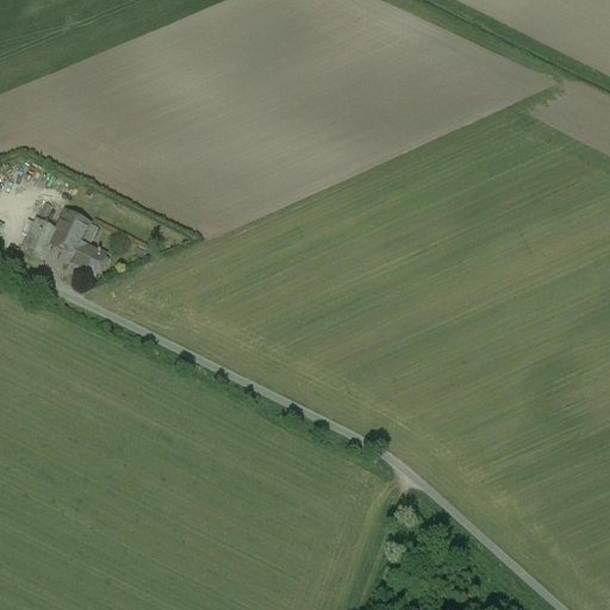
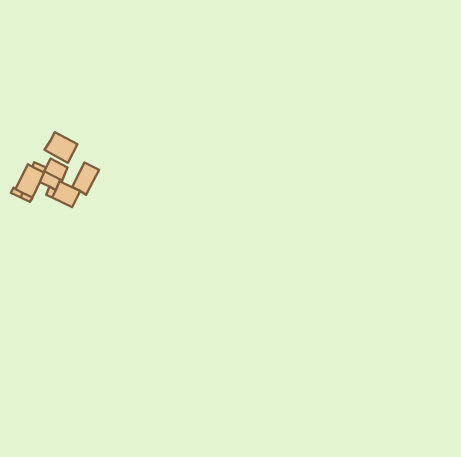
building: none -> [45,132,78,163]
building: none -> [72,163,99,195]

